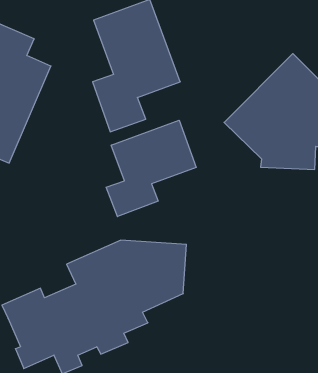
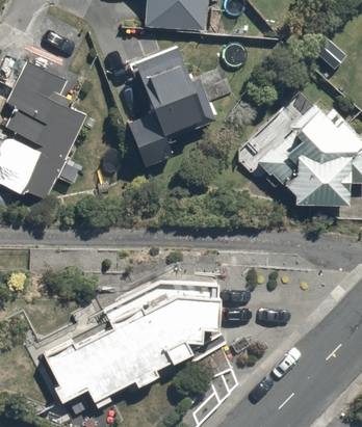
building: [106,120,196,217] -> none

